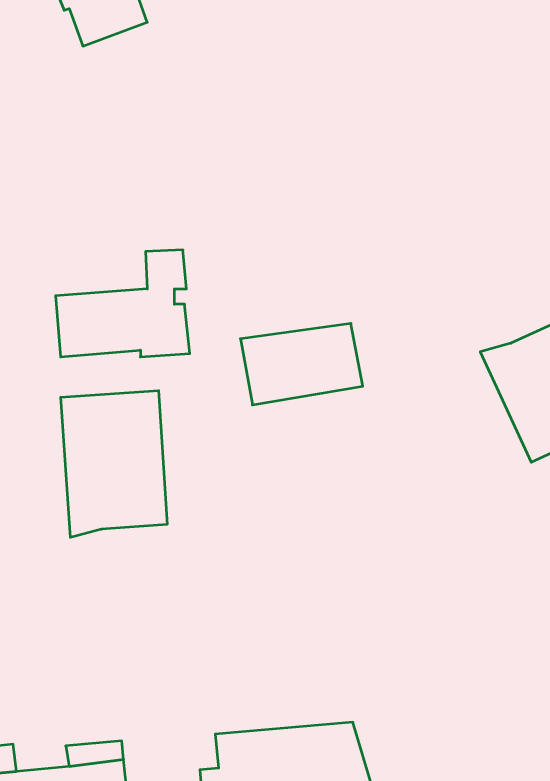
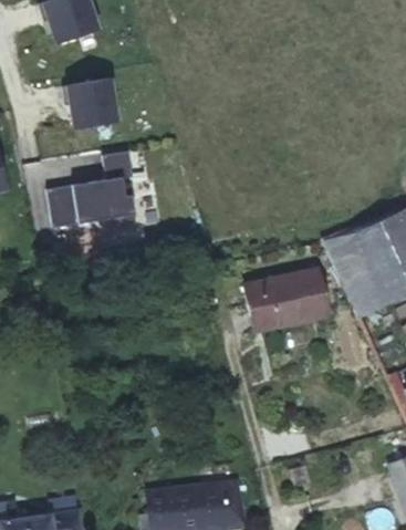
building: none -> [62,73,117,123]
building: [240,323,363,405] -> [249,277,329,330]
building: [61,391,167,537] -> none

